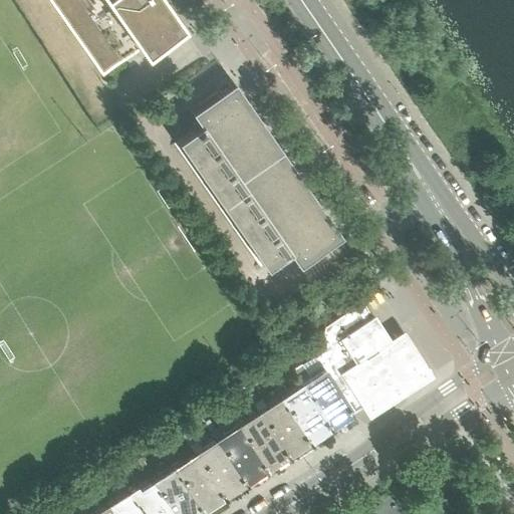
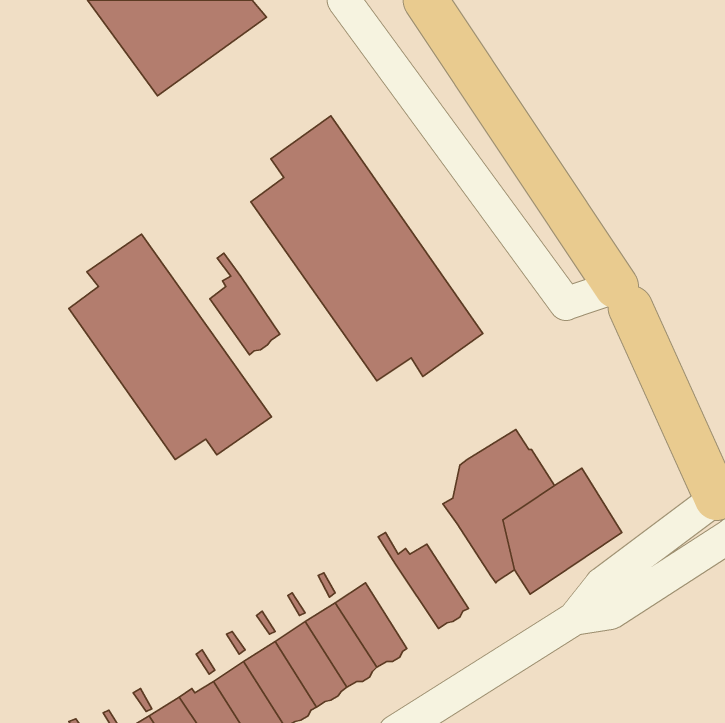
building: none -> [69,234,271,460]
building: none -> [210,253,280,355]
building: [293,366,356,433] -> none
building: [252,399,312,461] -> none

